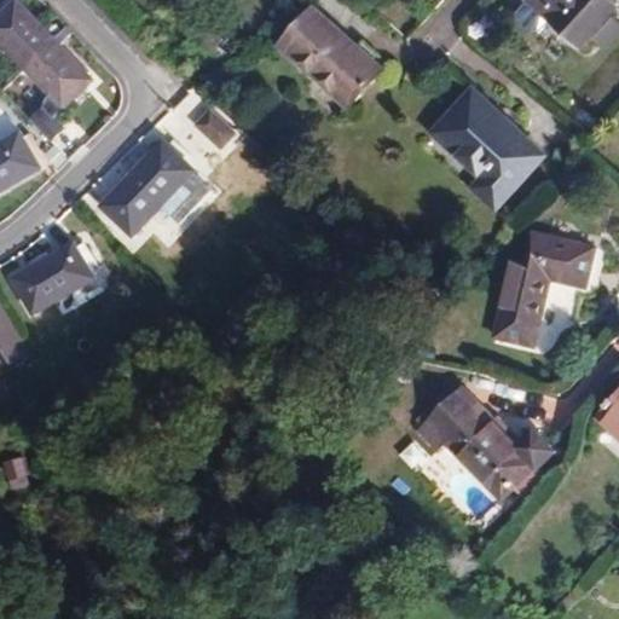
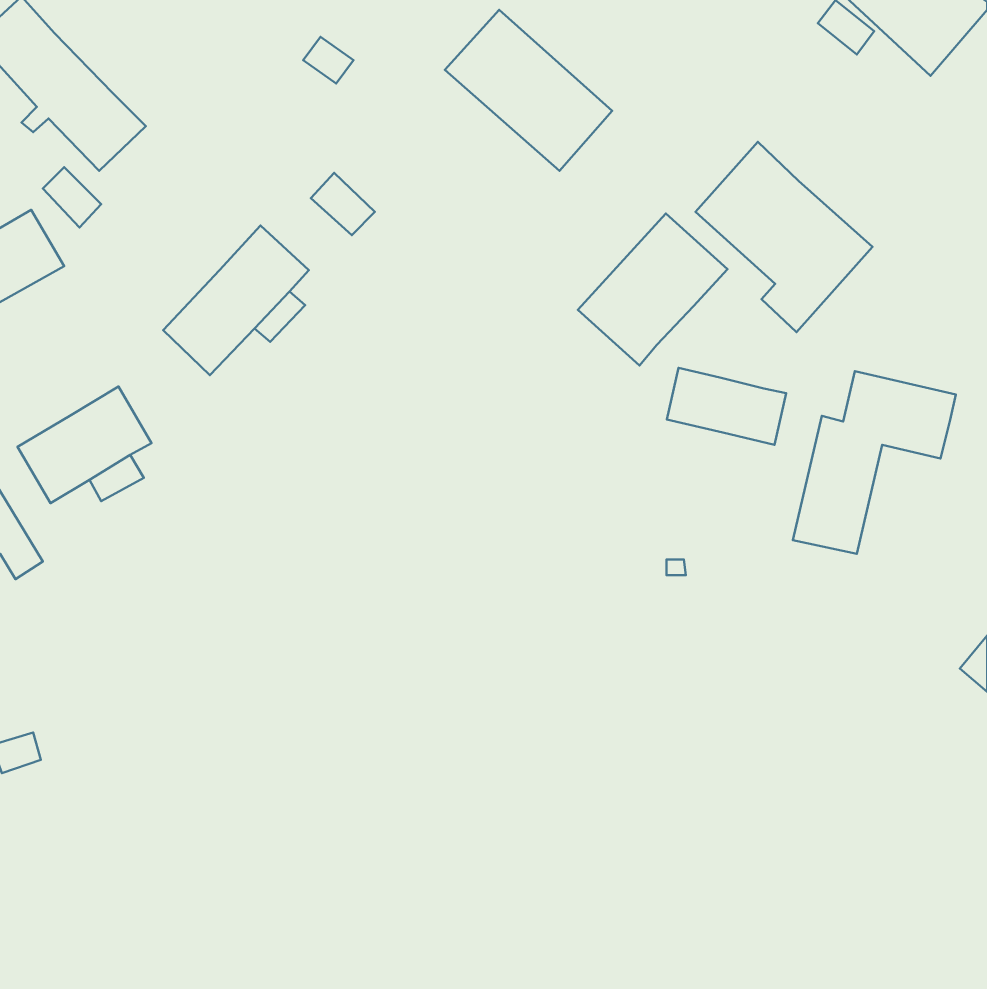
building: none -> [578,214,728,366]
building: none -> [667,368,786,445]
building: [416,386,555,494] -> none

